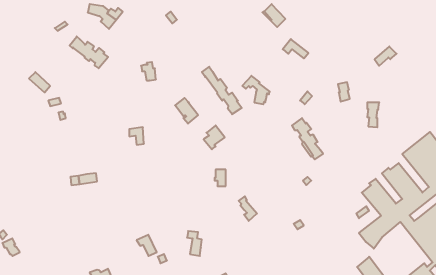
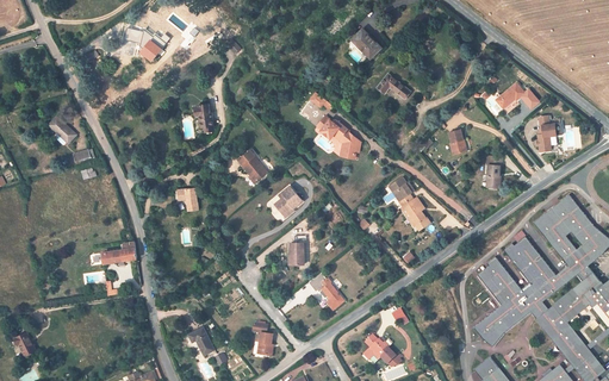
building: [70,36,108,68] -> none
building: [202,67,242,114] -> none
building: none -> [535,115,561,152]
building: none -> [362,335,400,366]

